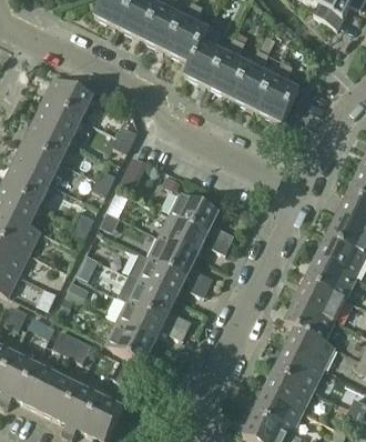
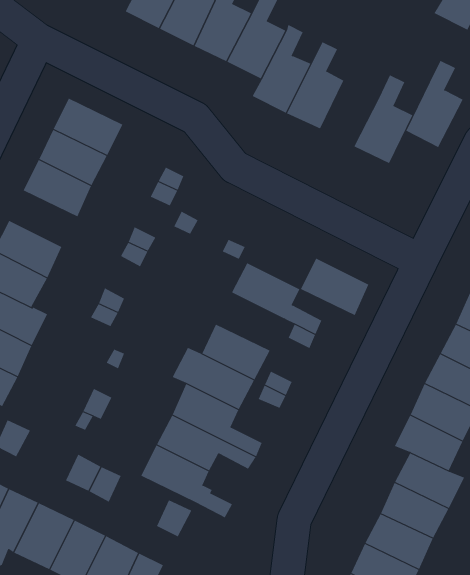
building: [233,48,274,110] -> [406,60,464,148]
building: [12,141,61,181] -> none
building: [159,213,207,254] -> [300,258,369,316]

